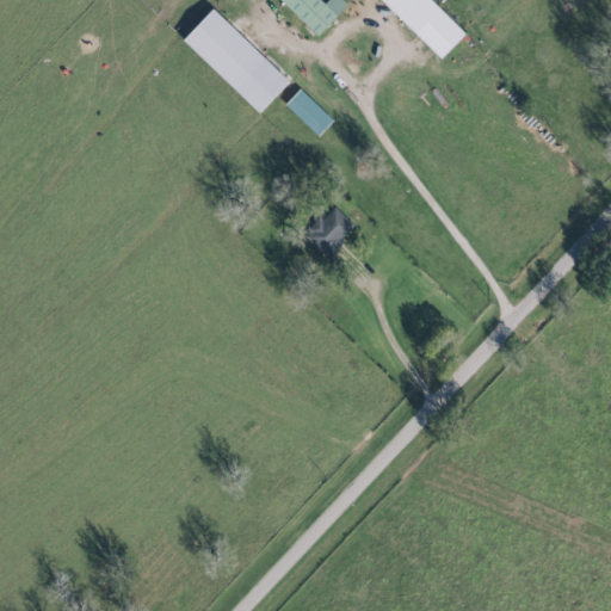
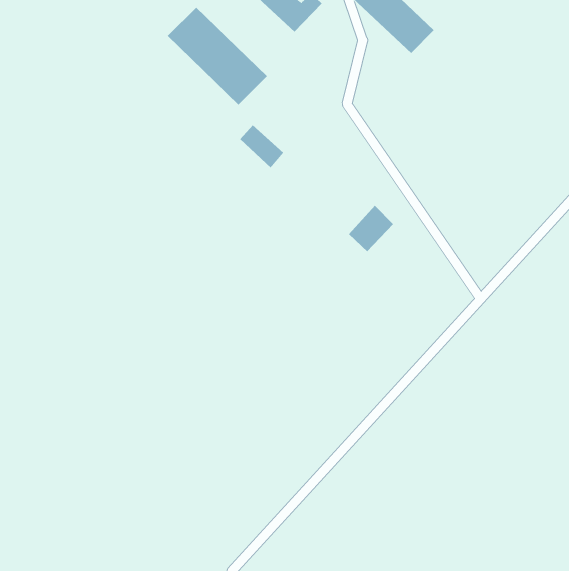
building: [285,88,333,135] -> [239,125,284,168]
building: [306,204,354,254] -> [348,205,394,252]

